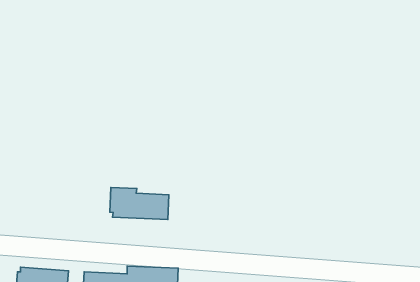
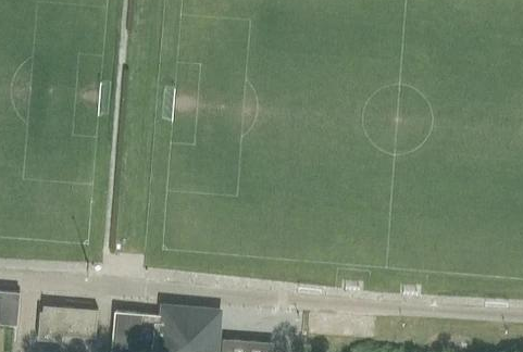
building: [110,187,169,219] -> none

